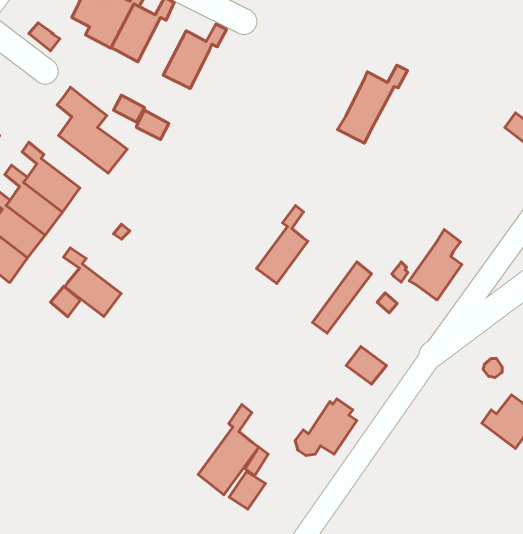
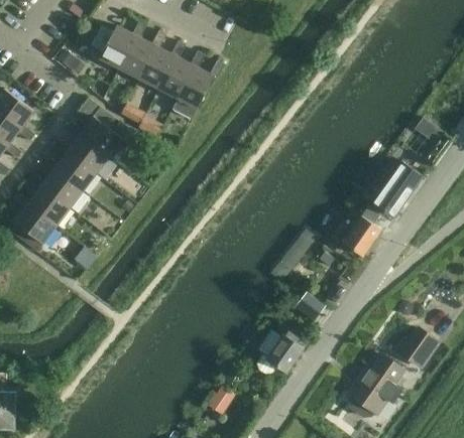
building: none -> [138,40,186,89]
building: [338,65,408,143] -> [171,60,224,119]
building: none -> [362,161,423,218]
building: [256,205,308,284] -> none
building: [63,248,121,316] -> [65,122,108,173]
building: [198,405,259,495] -> none
building: none -> [348,354,405,417]

